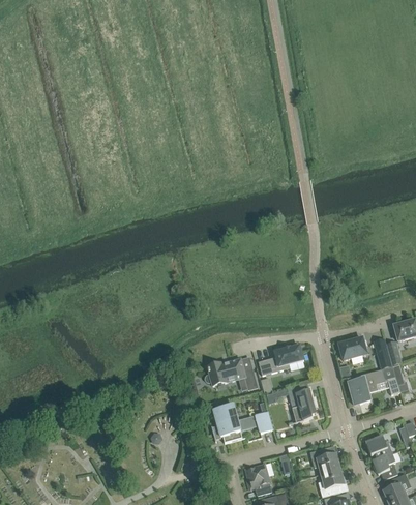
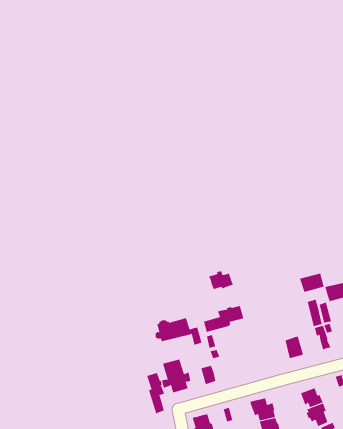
building: none -> [209,270,233,290]
building: [338,337,366,359] -> [299,273,324,292]
building: [287,384,317,422] -> none
building: none -> [147,372,165,414]

